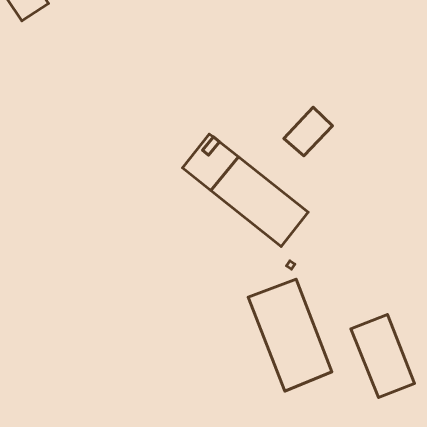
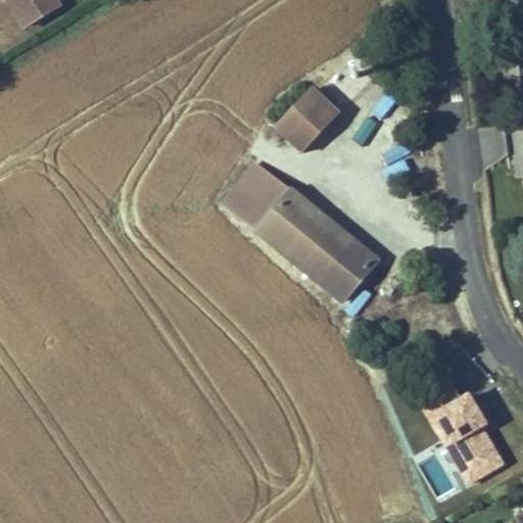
building: [284,107,332,156] -> [277,88,336,147]
building: [248,279,332,391] -> none

